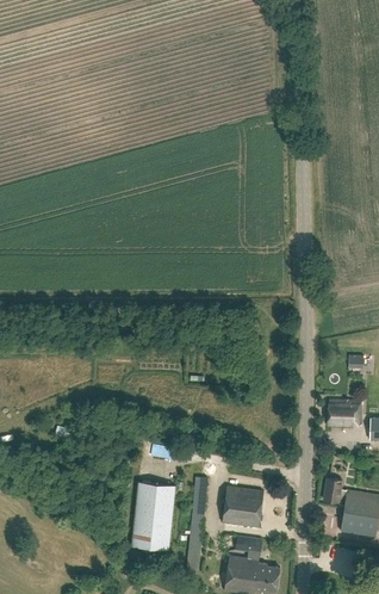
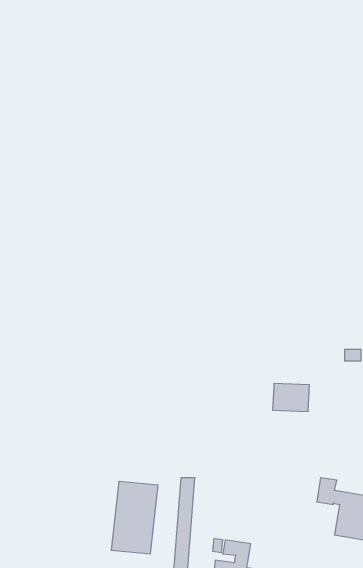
building: [328,400,362,426] -> [273,383,309,411]
building: [222,485,266,528] -> none

